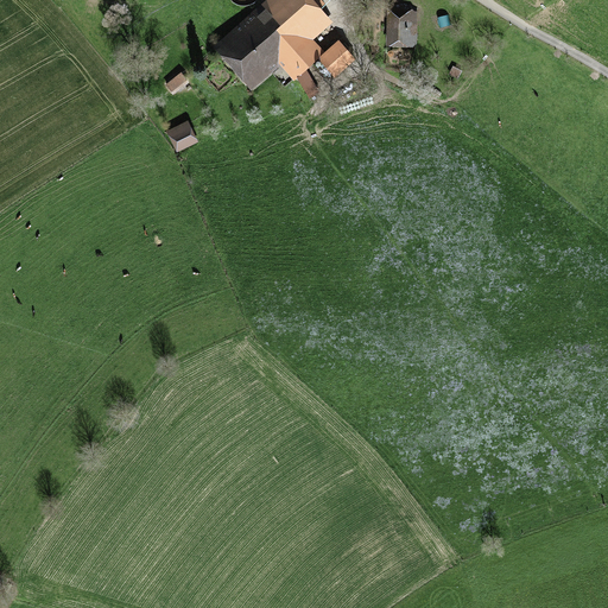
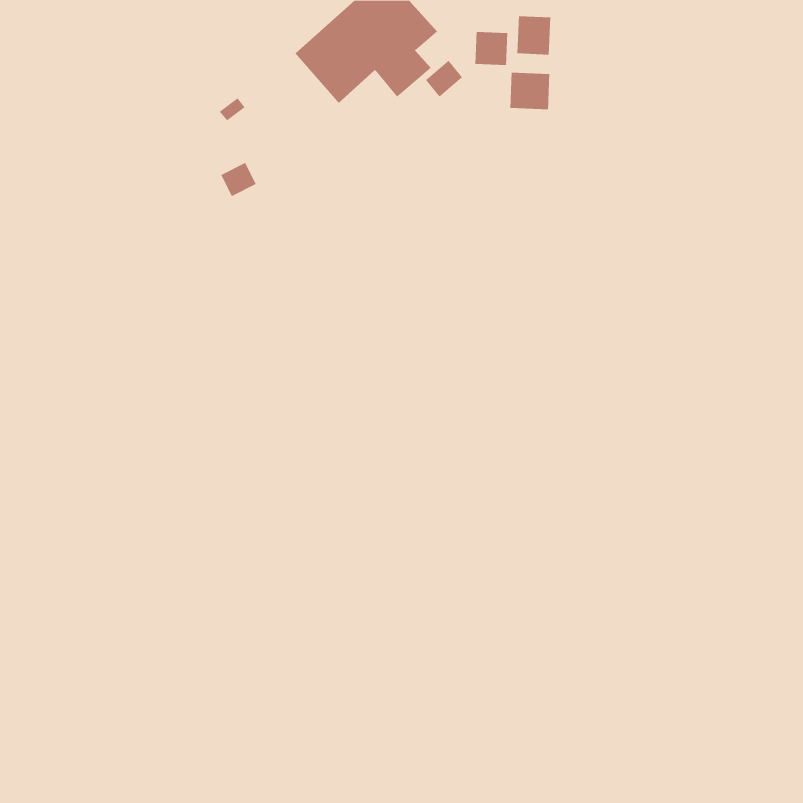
building: none -> [475,31,508,66]
building: none -> [510,72,550,110]

